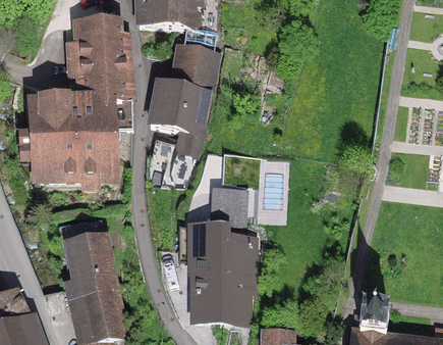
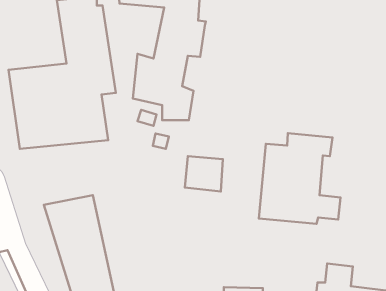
building: none -> [259,133,341,224]
building: [169,230,255,318] -> none

